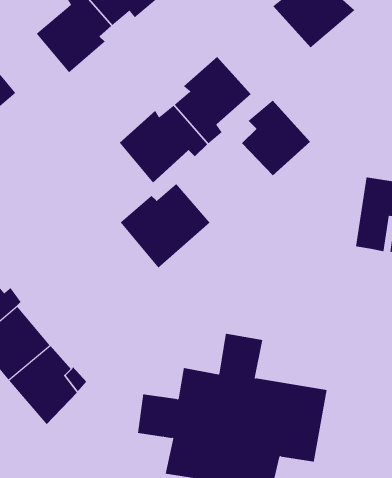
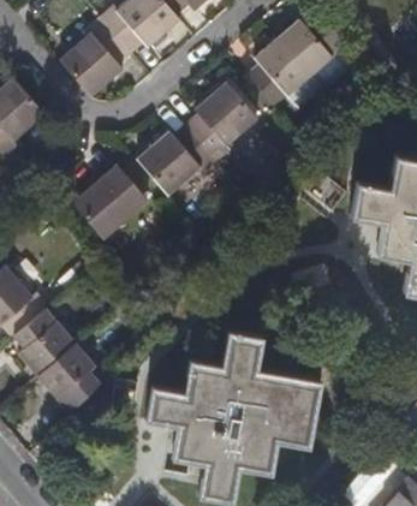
building: [241,100,311,176] -> [246,34,310,103]
building: [120,183,211,269] -> [65,162,148,240]

